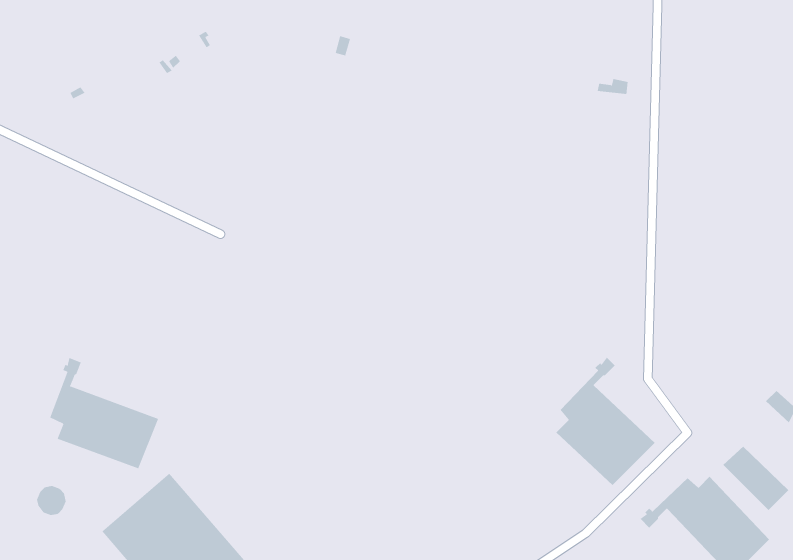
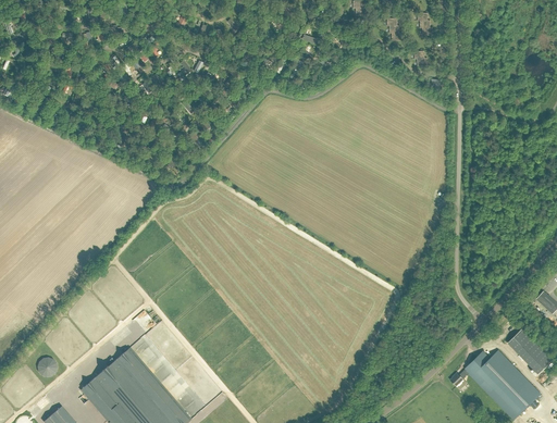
building: [556,357,655,486] -> none
building: [50,357,159,469] -> none

